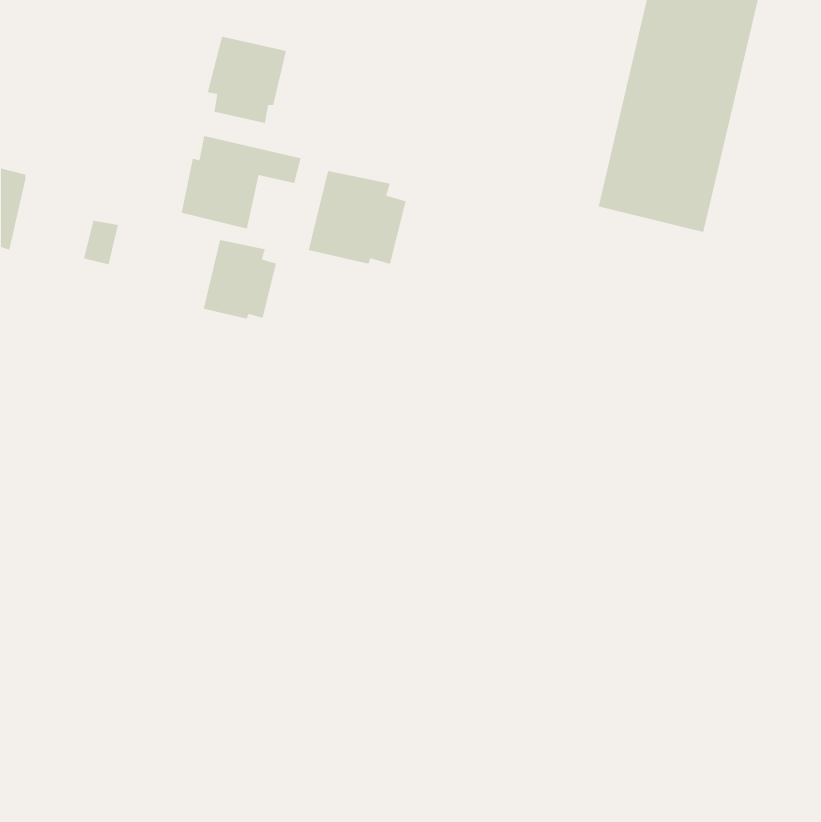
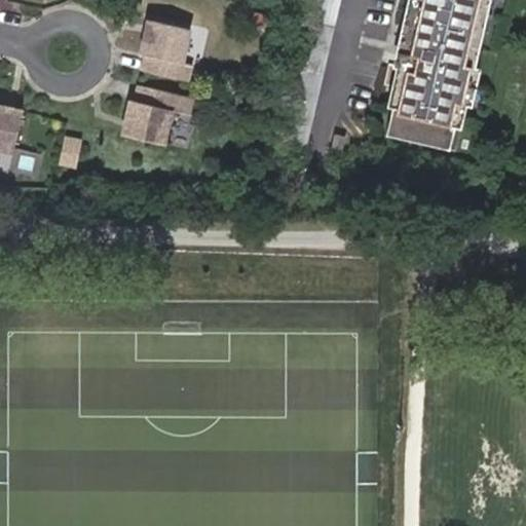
building: [308,170,406,265] -> none
building: [203,239,277,319] -> none

